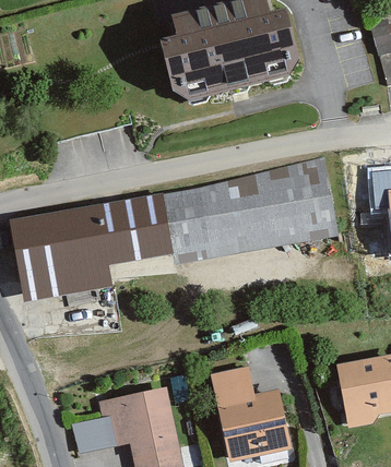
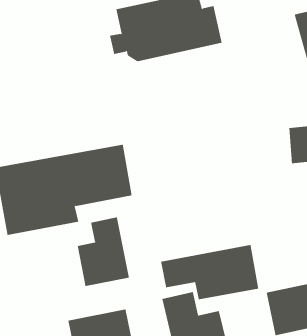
building: [167,160,339,263] -> none
building: none -> [77,217,129,287]
building: none -> [161,244,259,300]

